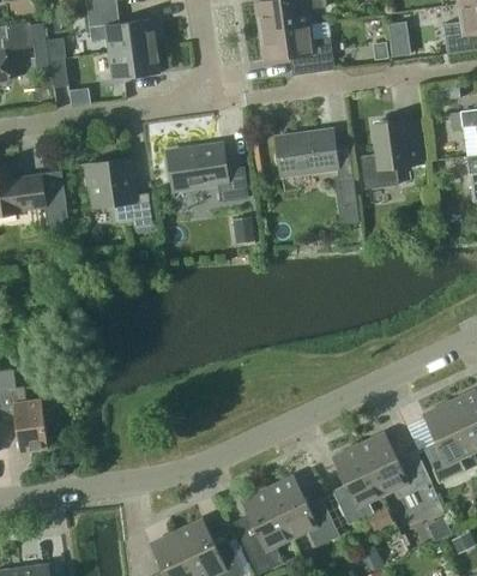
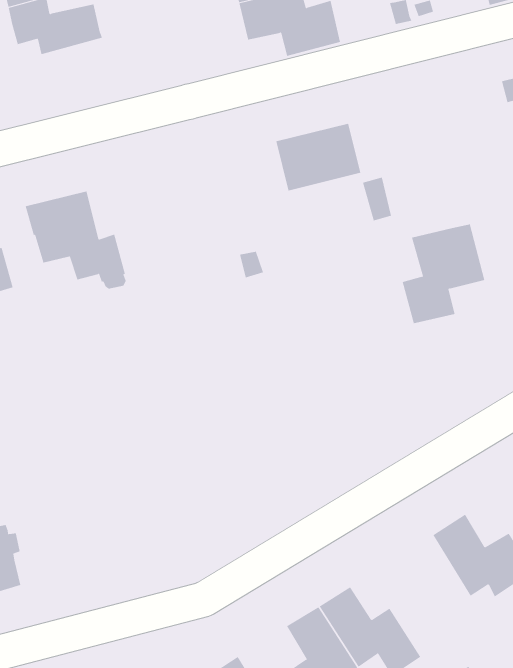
building: [108,44,159,79] -> none
building: [361,119,423,188] -> [402,224,485,324]
building: [167,144,248,202] -> none
building: [332,445,381,524] -> none

